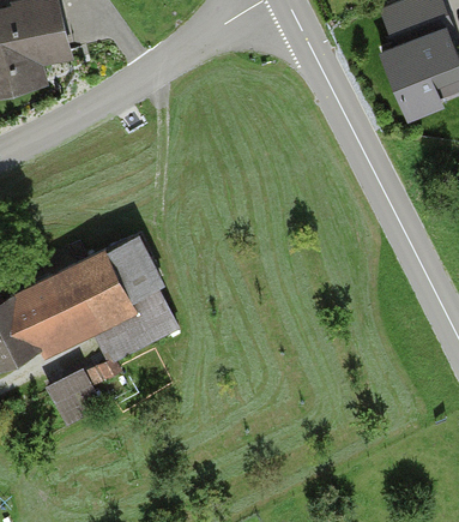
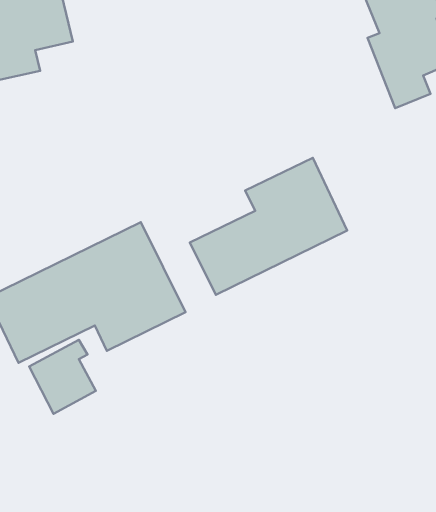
building: none -> [190,158,347,295]

